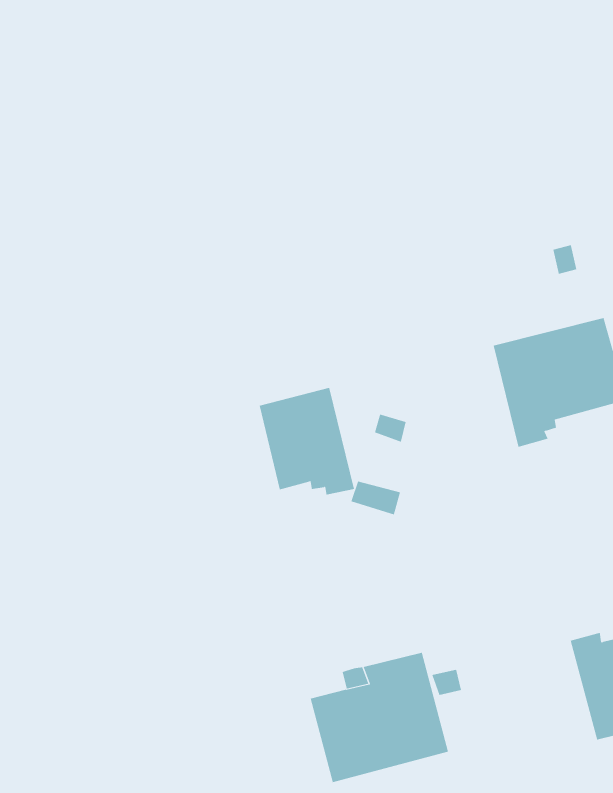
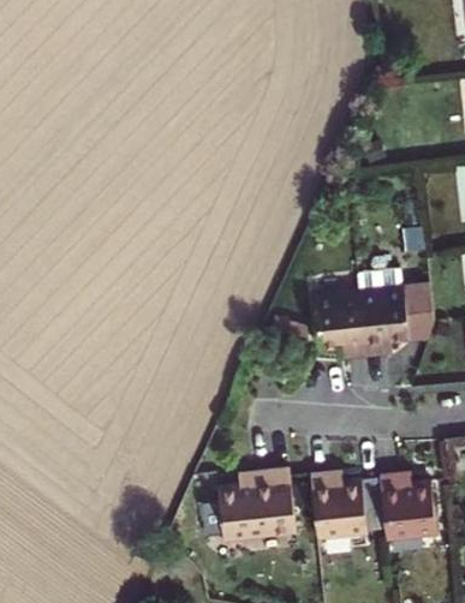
building: [259,387,355,495] -> [316,292,366,357]
building: none -> [311,473,369,538]

